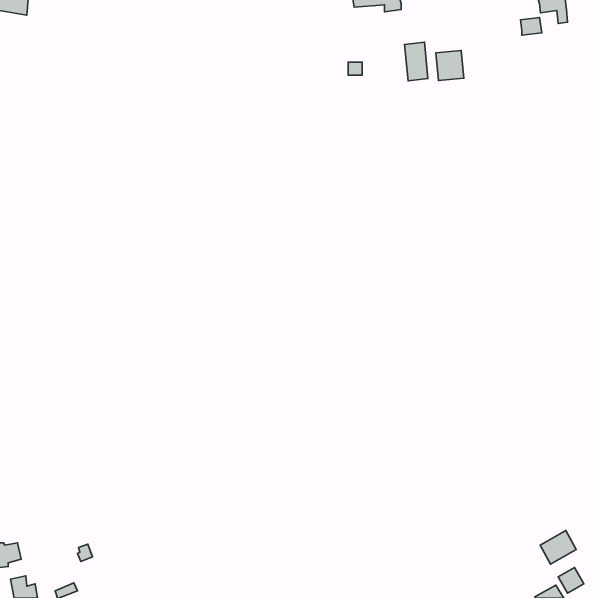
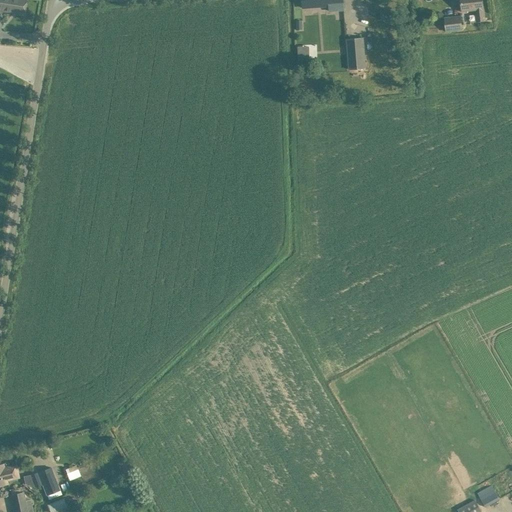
building: [436,51,464,80] -> none
building: [540,530,576,564] -> none
building: none -> [22,466,59,495]

